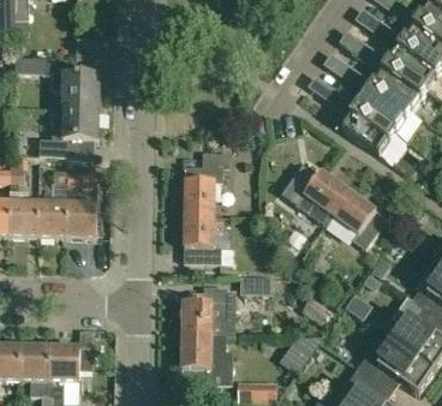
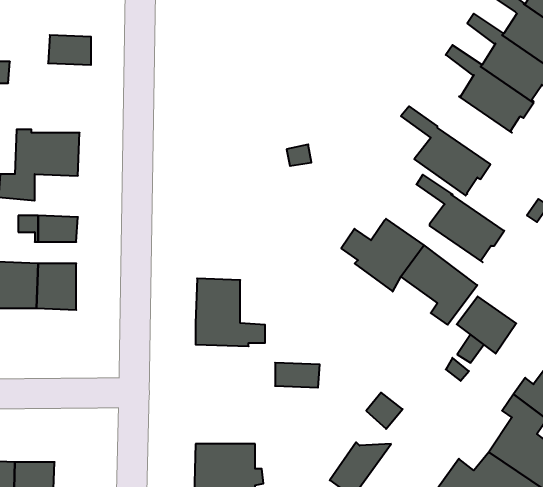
building: [347,67,411,131] -> [416,175,504,262]
building: [50,73,97,108] -> none
building: [183,166,221,215] -> none
building: none -> [457,296,516,354]
building: [181,287,234,335] -> none

